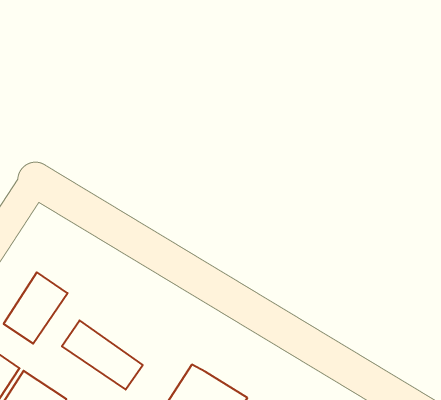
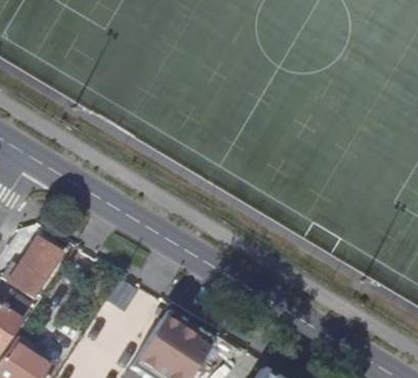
building: [62,320,143,390] -> none

